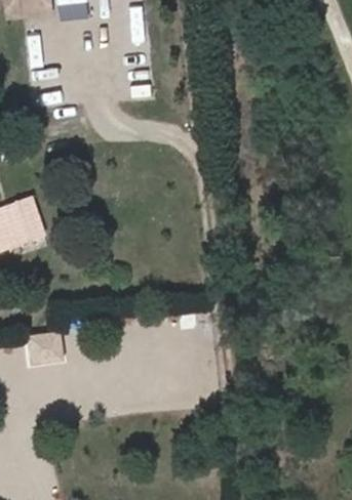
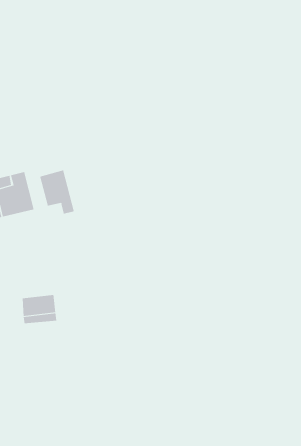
building: none -> [39,170,75,215]

